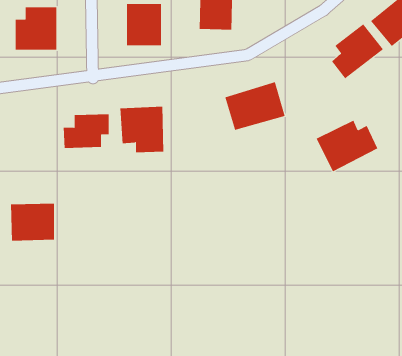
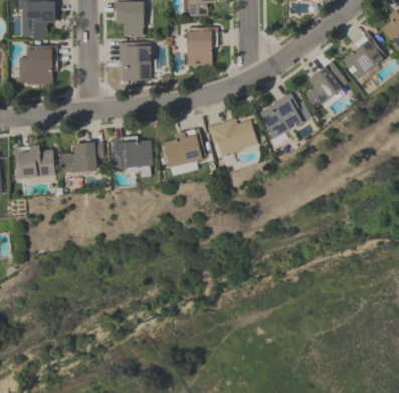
building: none -> [161,129,204,176]
building: [316,120,378,172] -> [255,92,312,140]
building: [10,203,55,241] -> [14,146,54,180]

